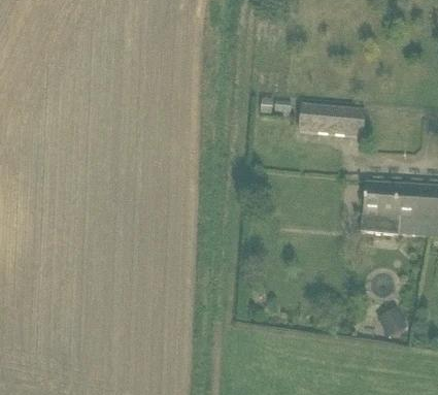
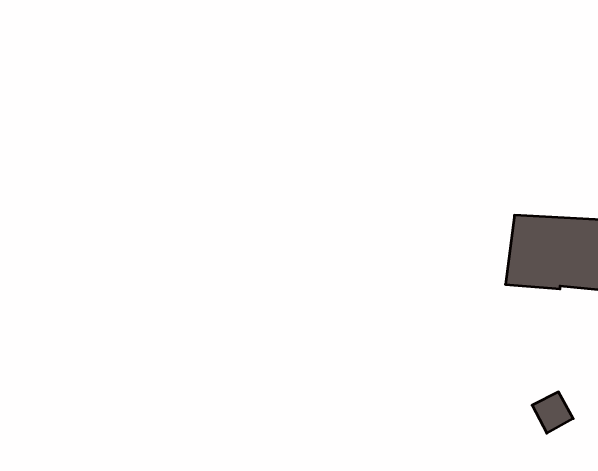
building: [299,103,366,136] -> none

